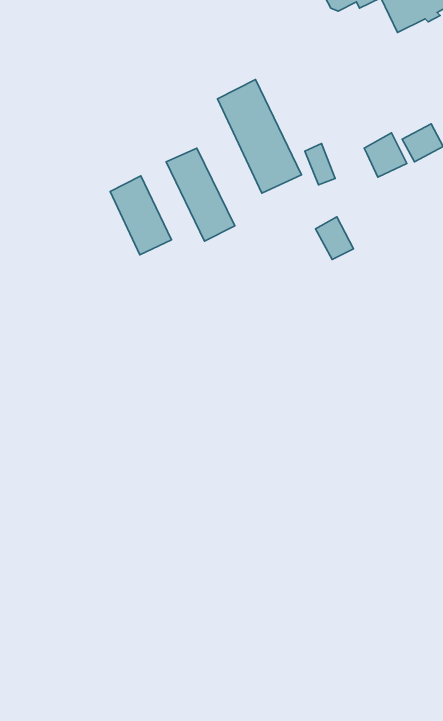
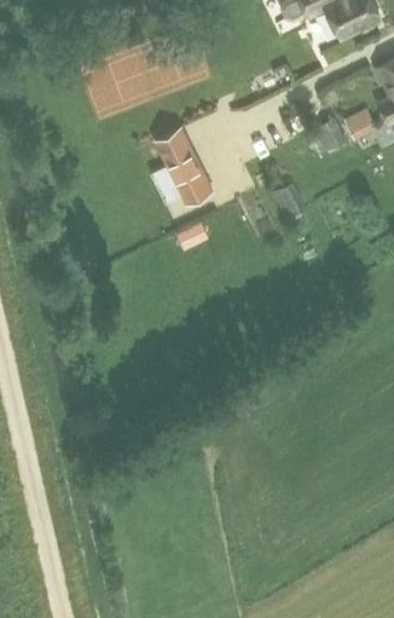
building: [217,79,301,193] -> none
building: [110,176,172,255] -> none

